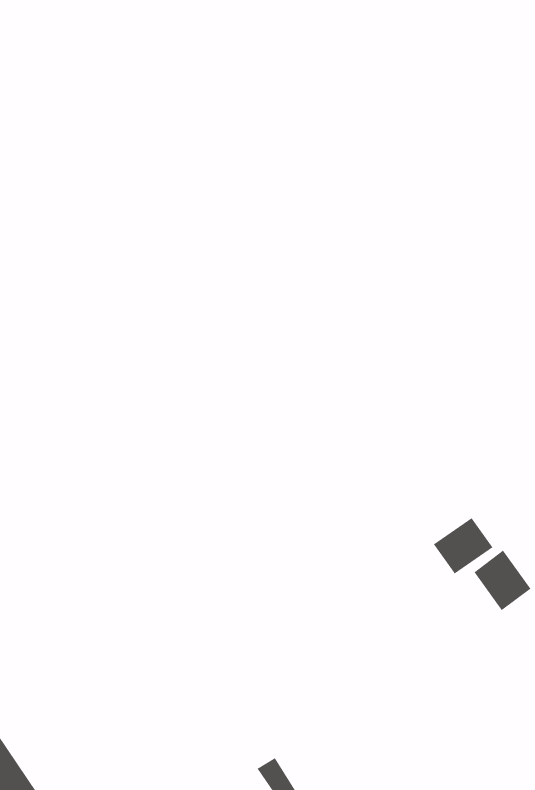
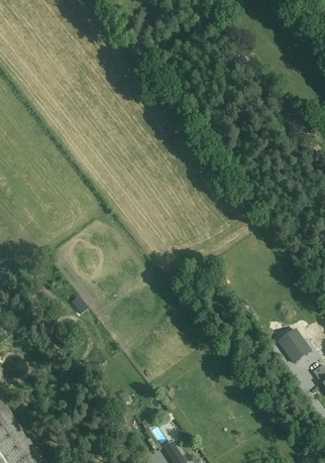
building: [433,517,493,574] -> none

